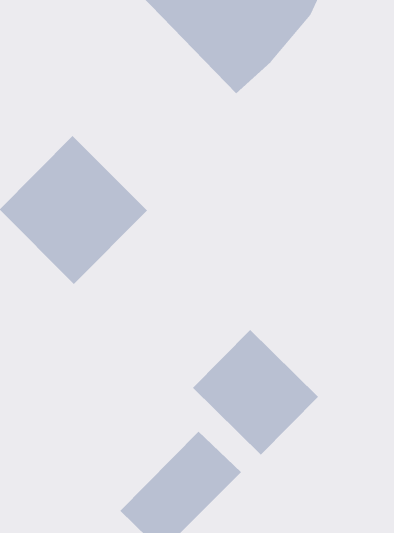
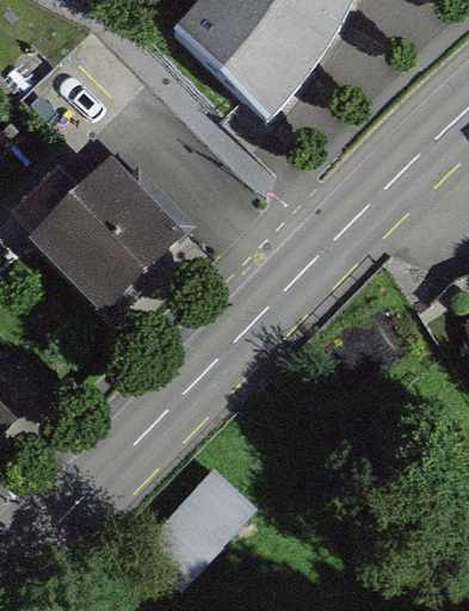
building: [192,329,319,456] -> none

